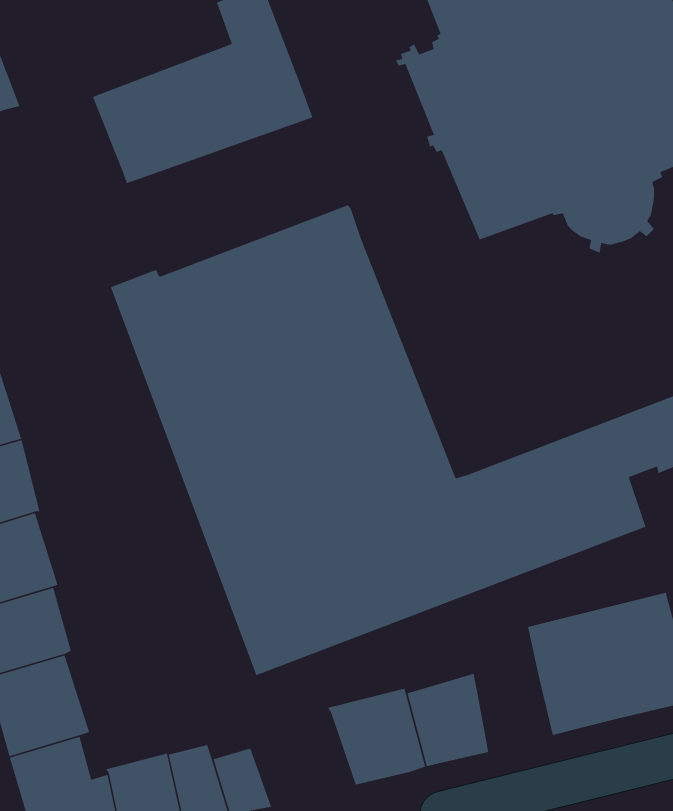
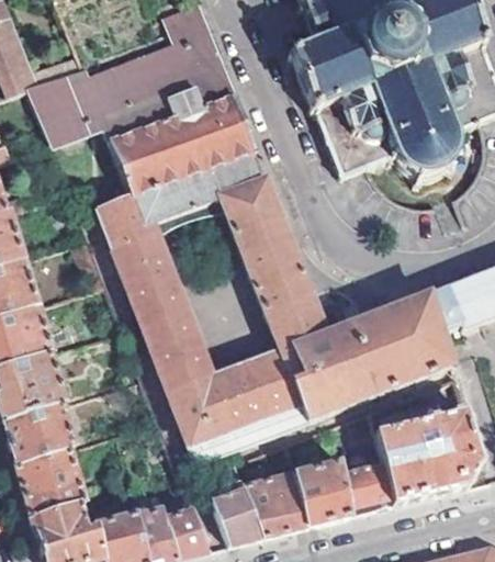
building: none -> [29,71,104,142]
building: none -> [108,92,255,196]
building: none -> [340,460,390,513]
building: none -> [210,486,259,542]

